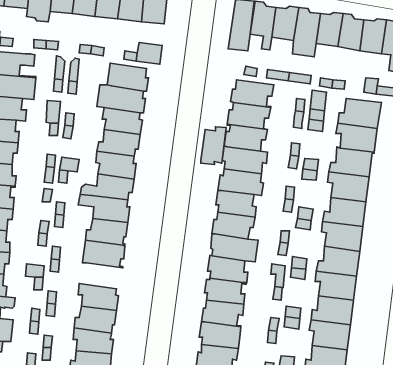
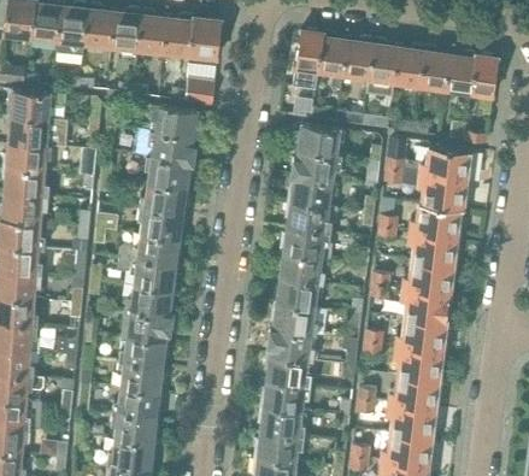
building: [201,127,226,165] -> none
building: none -> [118,339,169,369]

